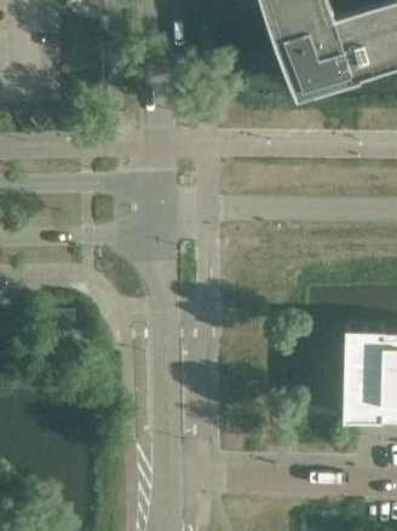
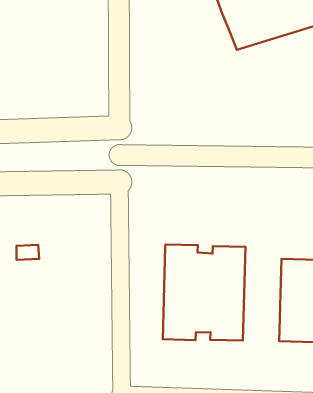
building: none -> [163,245,245,340]

